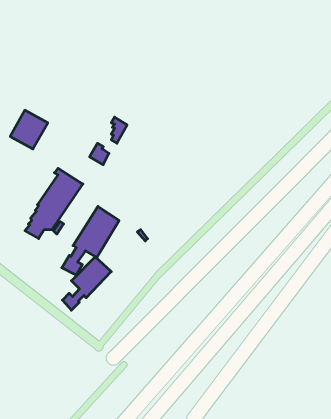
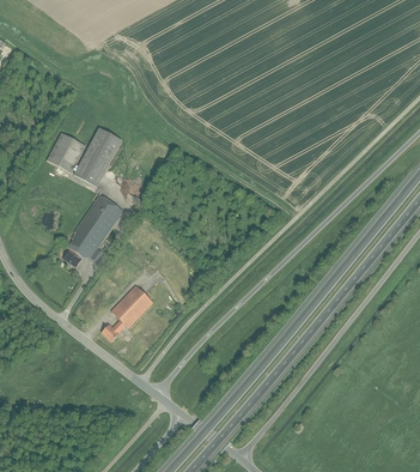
building: none -> [73,127,121,186]
building: [62,206,119,275] -> none

